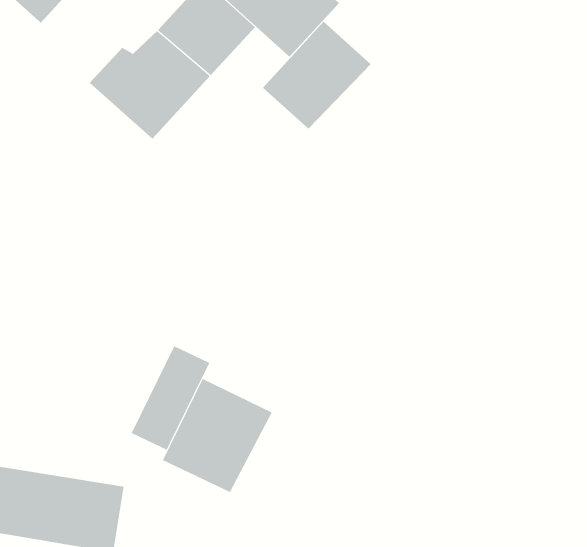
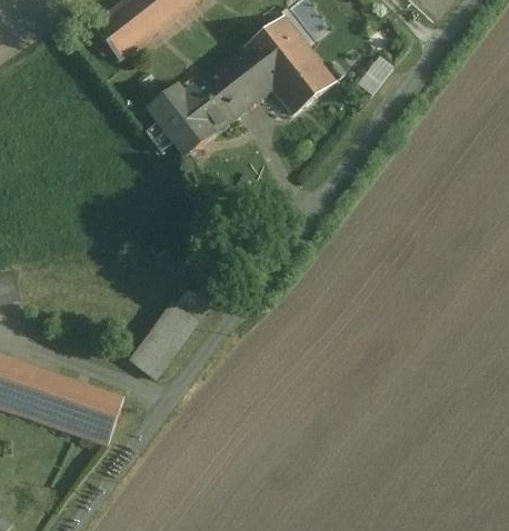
building: [262,21,371,130] -> none
building: [162,378,273,493] -> none

